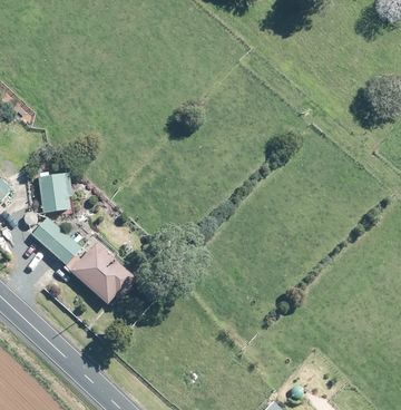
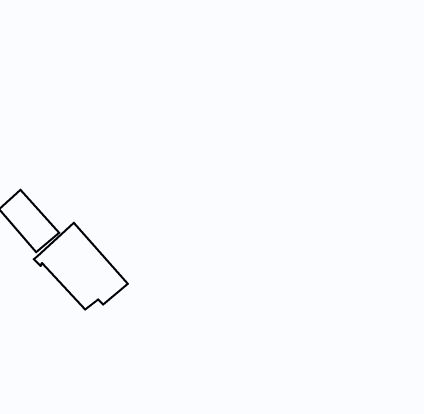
building: [38,173,72,212] -> none

